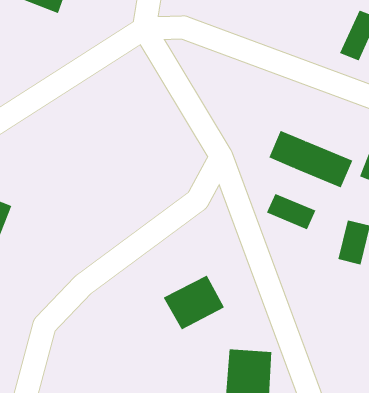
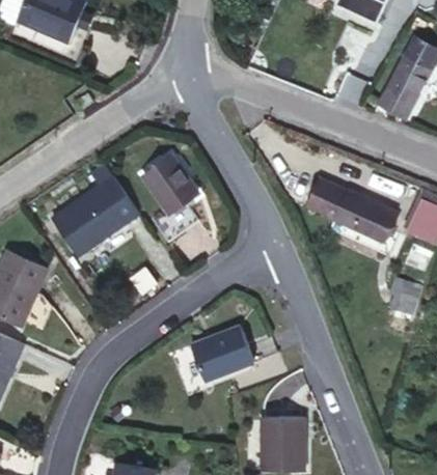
building: none -> [151,150,198,231]
building: none -> [52,175,132,250]
building: [266,193,316,230] -> none

